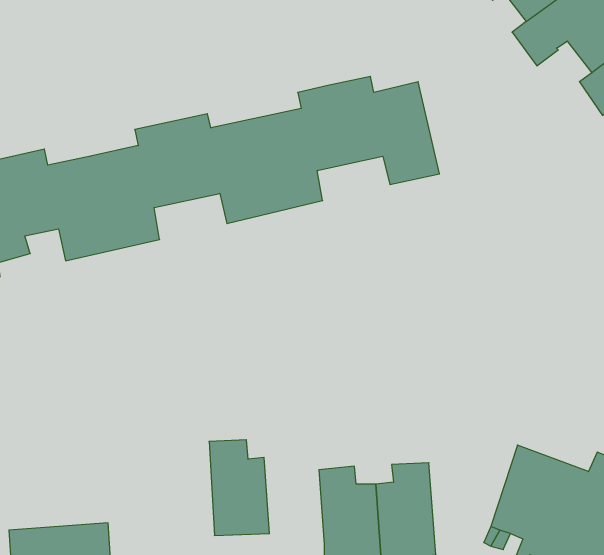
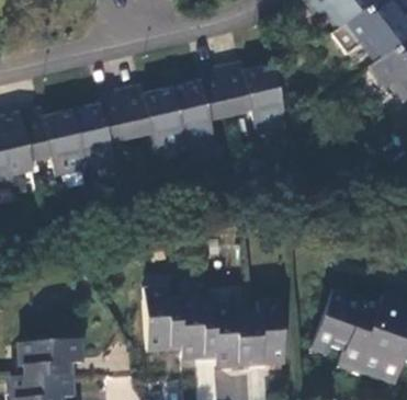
building: none -> [177,297,214,354]

